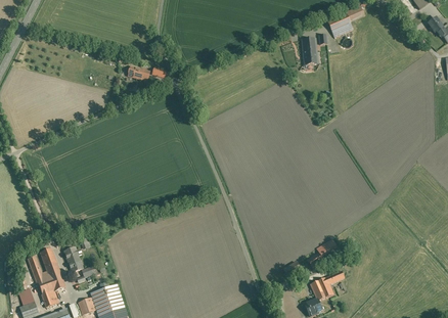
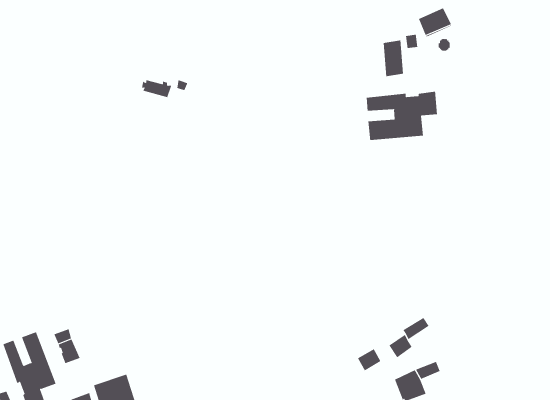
building: none -> [366,91,437,141]

